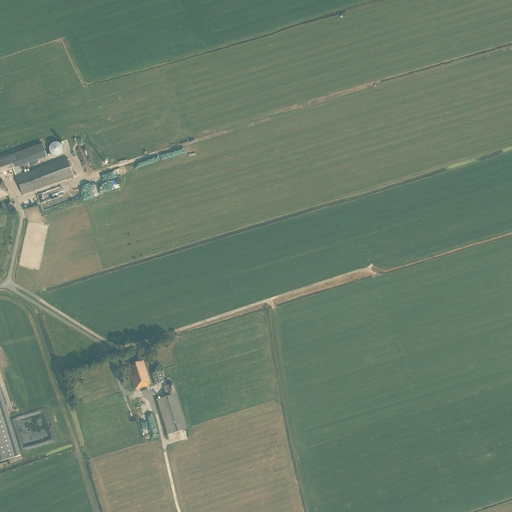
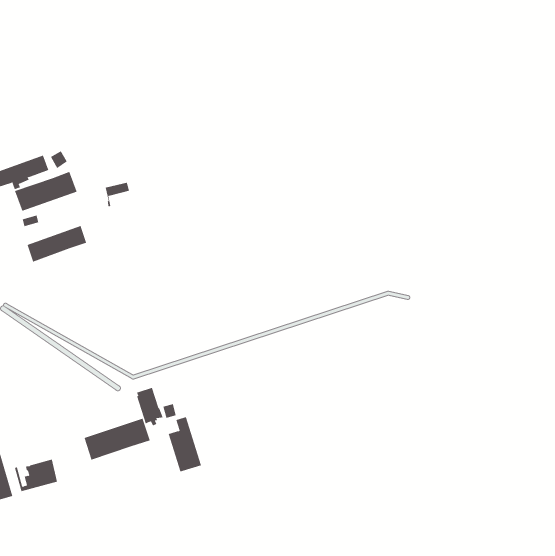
building: none -> [27,225,87,262]
building: none -> [84,418,150,461]

